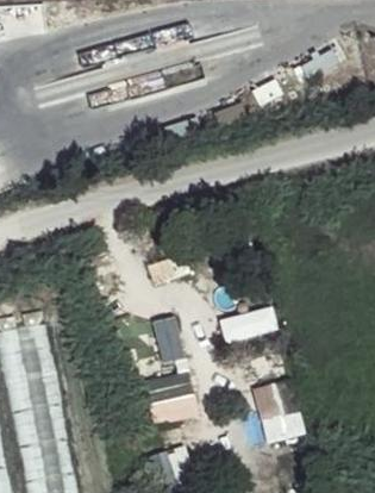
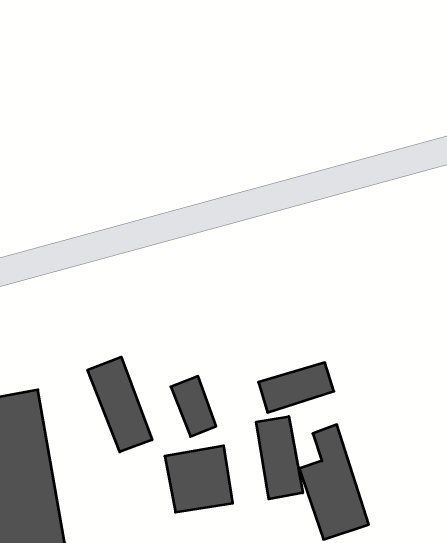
building: none -> [88,357,152,452]
building: none -> [256,416,303,499]

